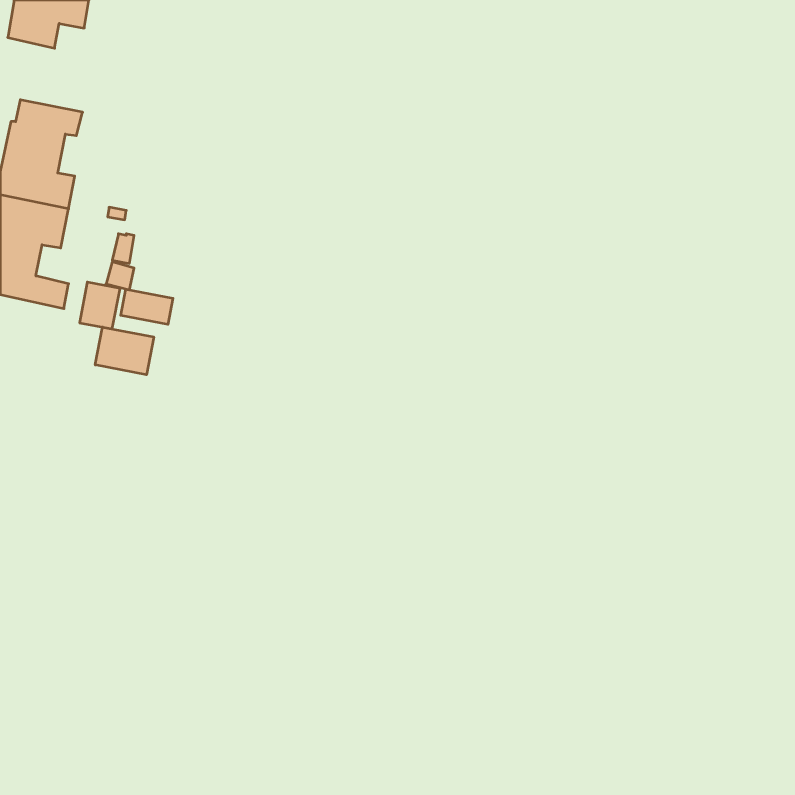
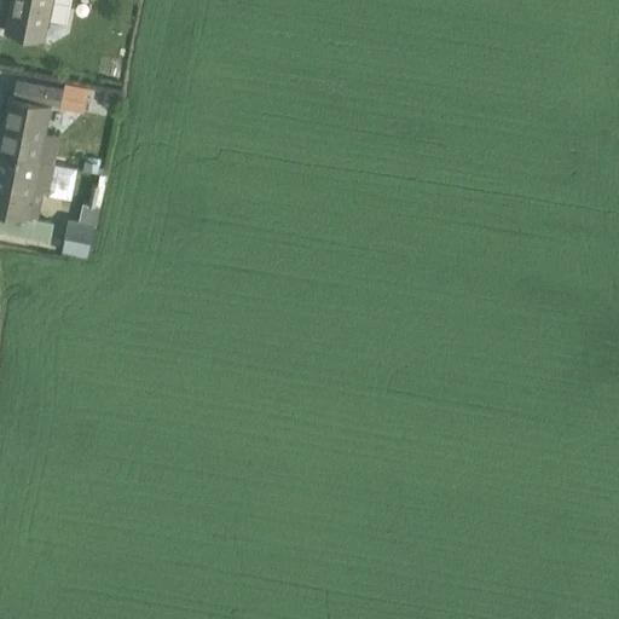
building: [121,289,173,324] -> none
building: [95,327,154,375] -> none

